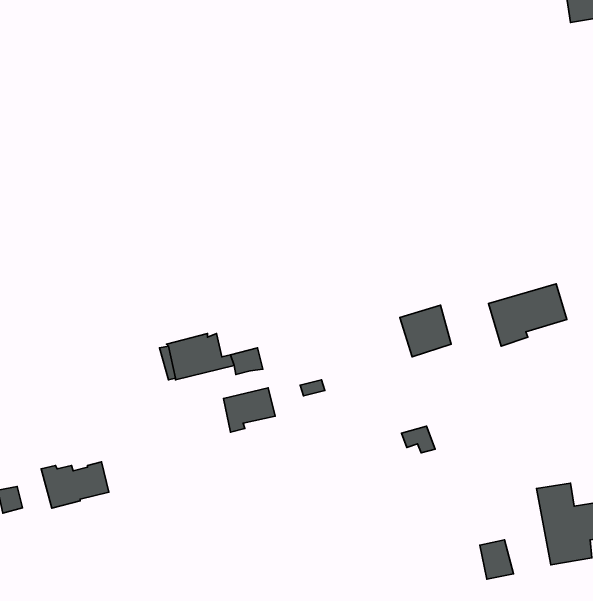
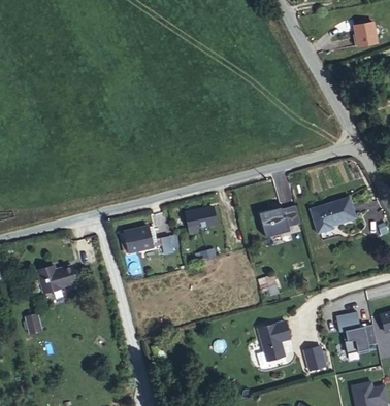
building: [224,388,275,432] -> [186,206,216,232]
building: [41,462,109,508] -> [37,266,76,293]
building: none -> [257,319,289,359]

